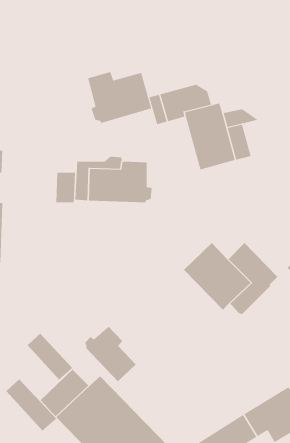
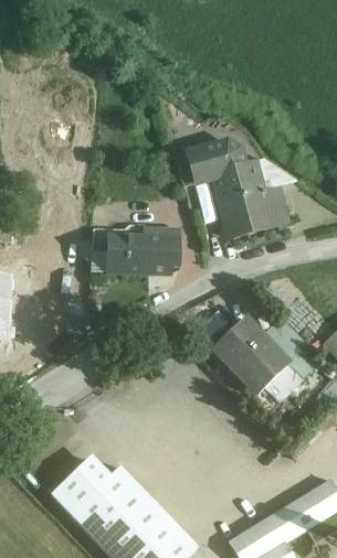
building: [88,71,152,124] -> none
building: [56,172,75,203] -> none
building: [85,326,137,382] -> none
building: [27,333,73,380] -> none
building: [5,378,57,431] -> none

